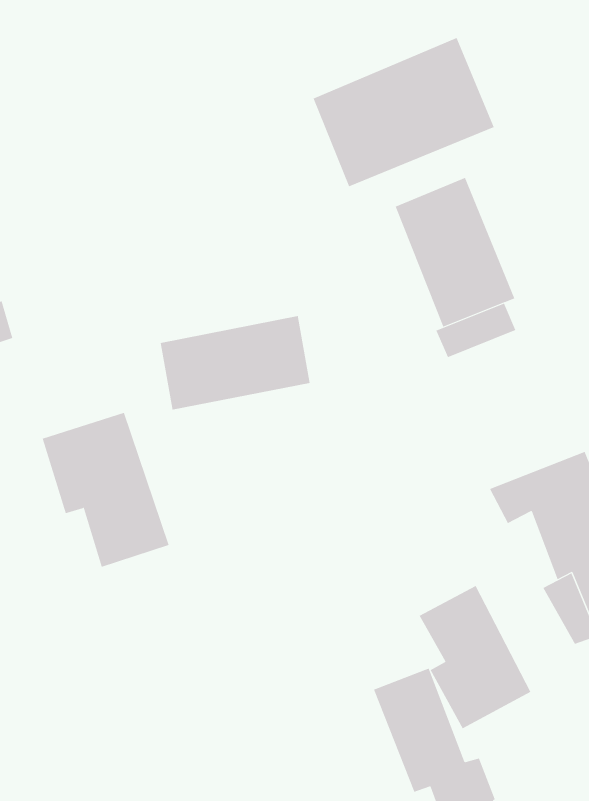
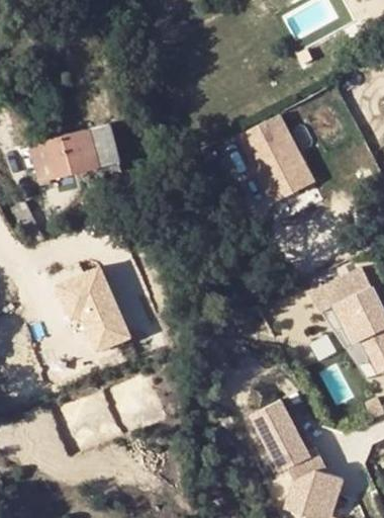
building: [313,37,494,187] -> none
building: [160,316,311,410] -> [25,124,114,185]
building: [419,585,531,729] -> none

